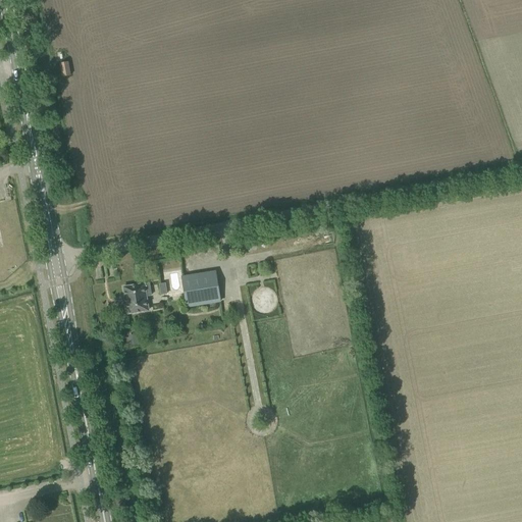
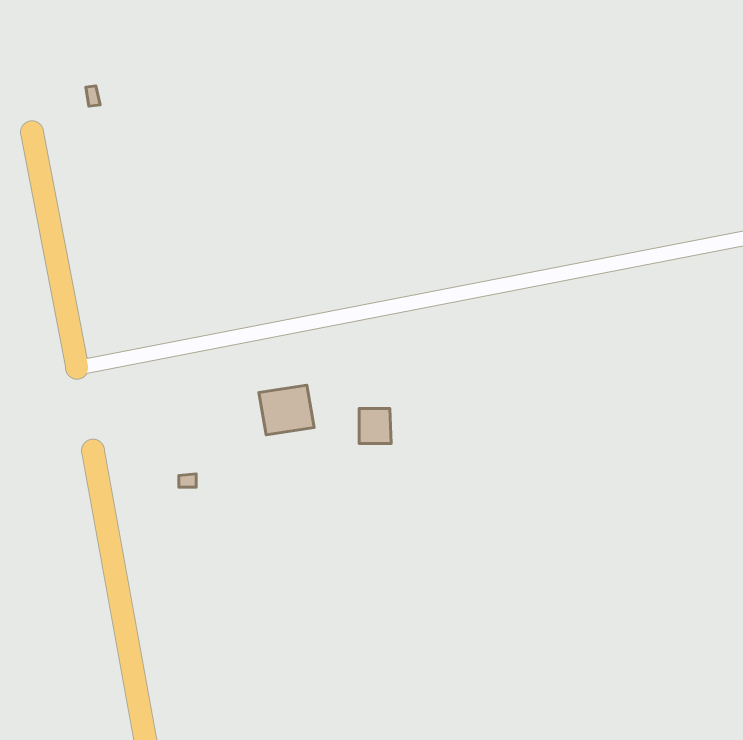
building: [123,282,148,312] -> none

